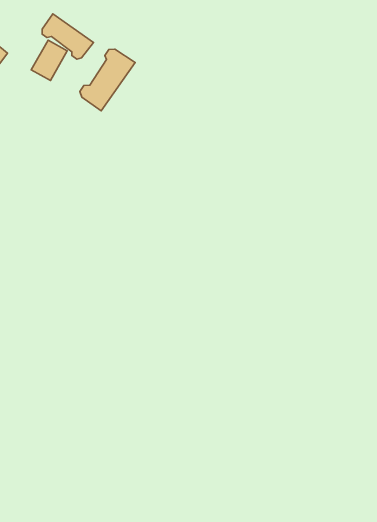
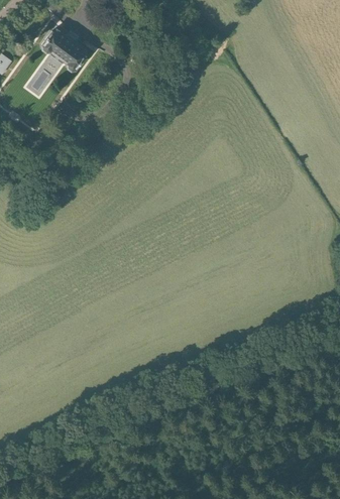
building: [80,49,135,111] -> none

